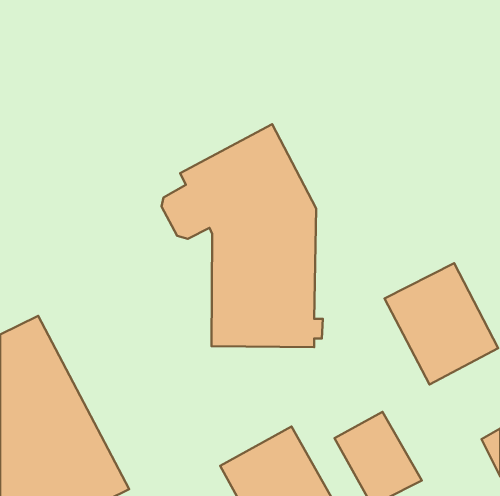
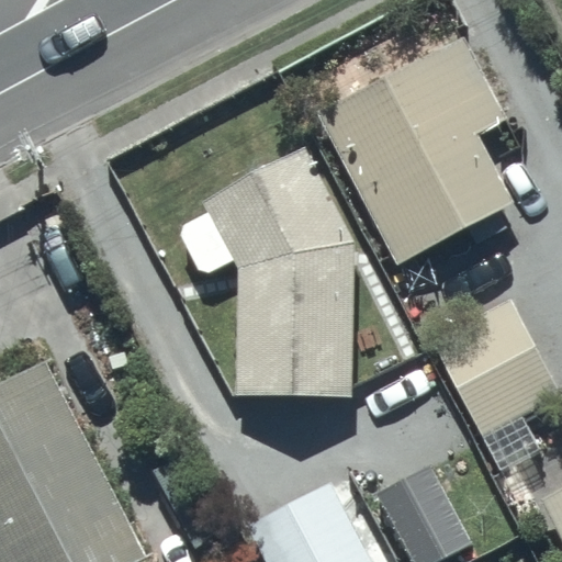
building: none -> [316,50,513,263]

